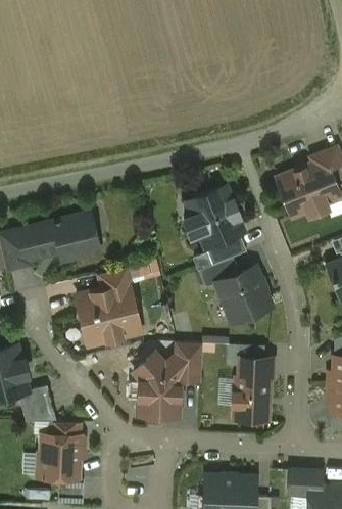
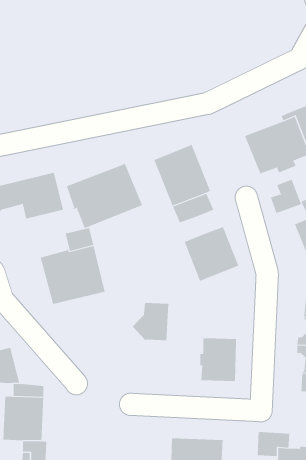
building: none -> [66,163,143,229]
building: none -> [270,179,302,214]
building: [198,258,239,288] -> none
building: [133,354,179,416] -> none
building: [238,358,273,380] -> none

